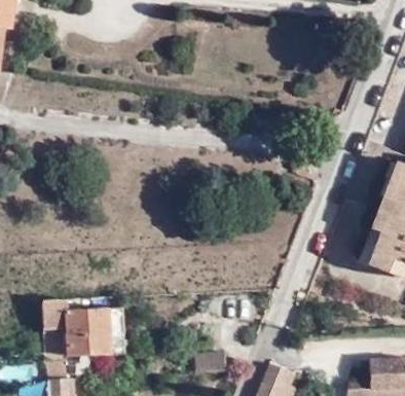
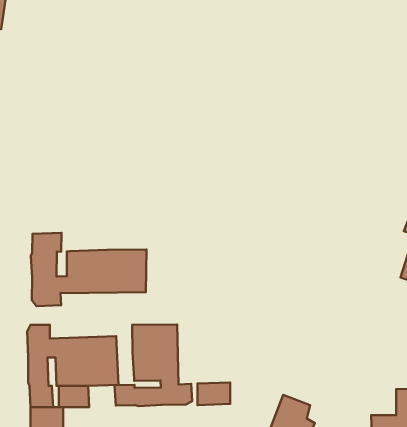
building: none -> [31,233,146,306]
building: none -> [115,324,192,406]

